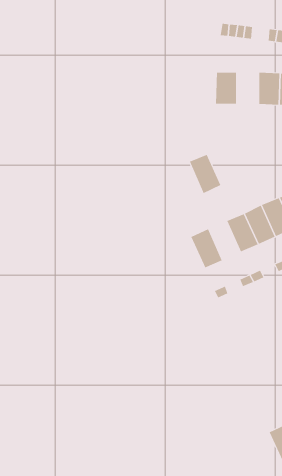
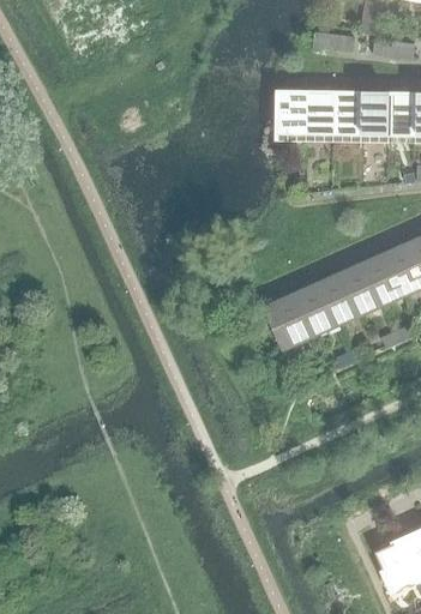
building: none -> [276,92,306,138]
building: none -> [332,94,360,134]
building: [189,154,221,194] -> [296,283,337,333]

